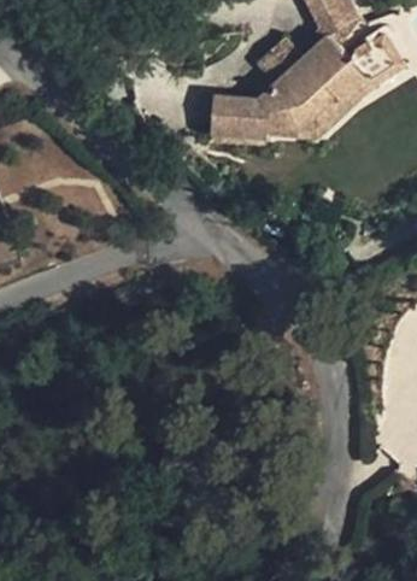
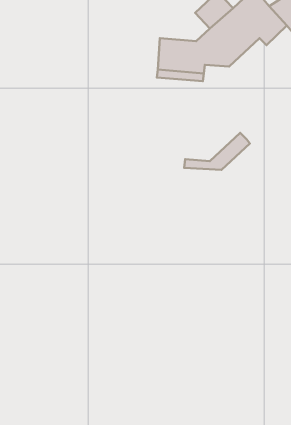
building: [270,95,351,141] -> [184,133,250,170]

